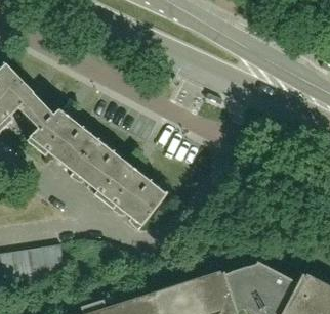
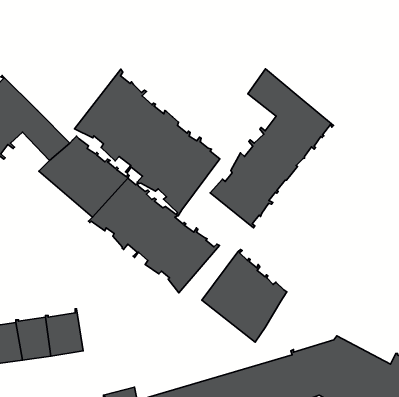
building: none -> [210,69,333,228]
building: none -> [75,69,220,216]
building: none -> [202,249,287,342]

